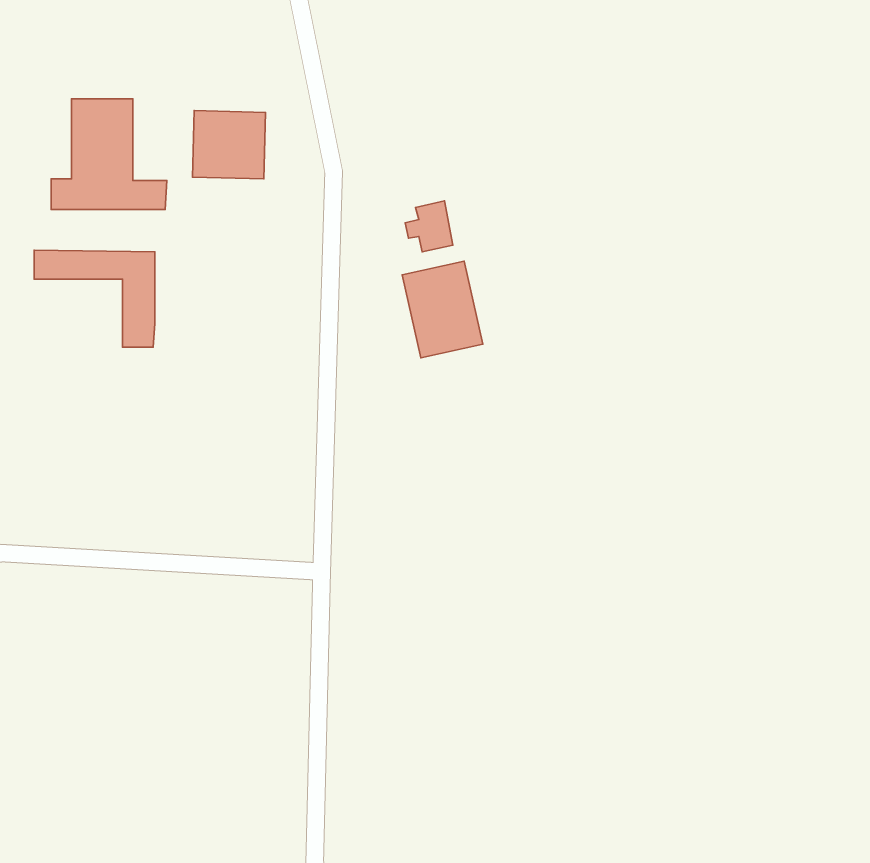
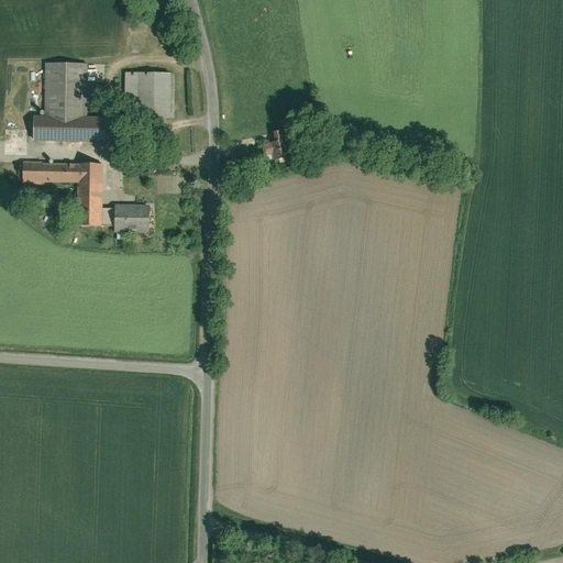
building: [402,261,483,358] -> none
building: none -> [99,205,147,231]

